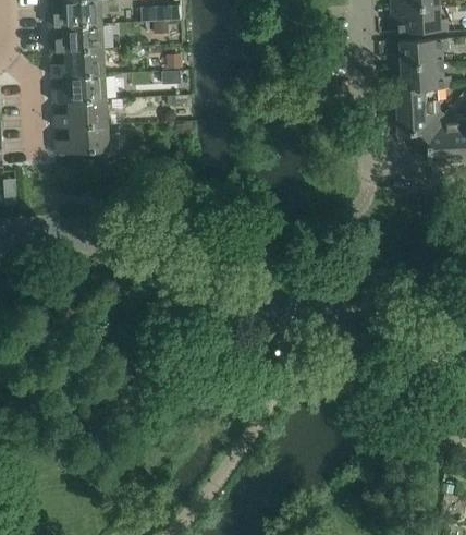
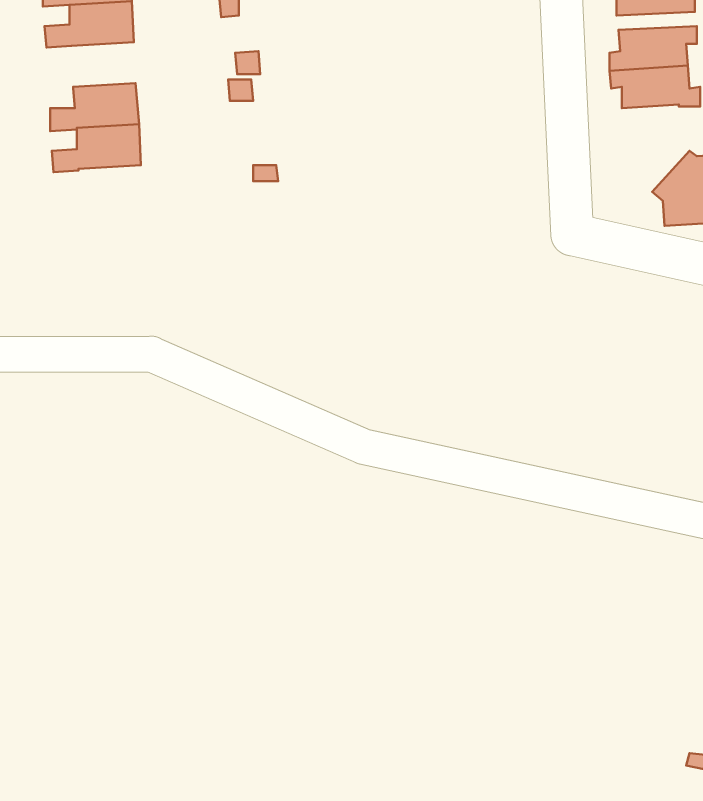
building: [50,49,105,77] -> none
building: [395,87,443,141] -> none
building: [54,124,109,154] -> none

